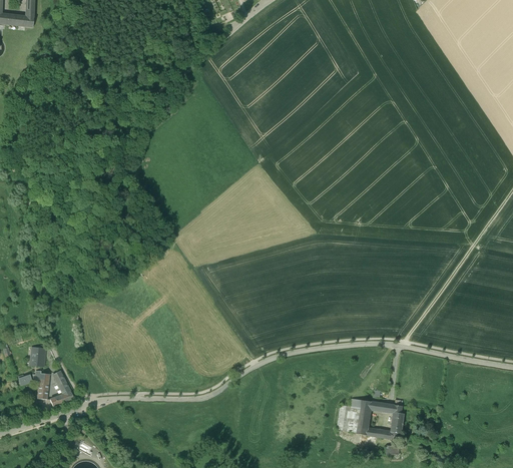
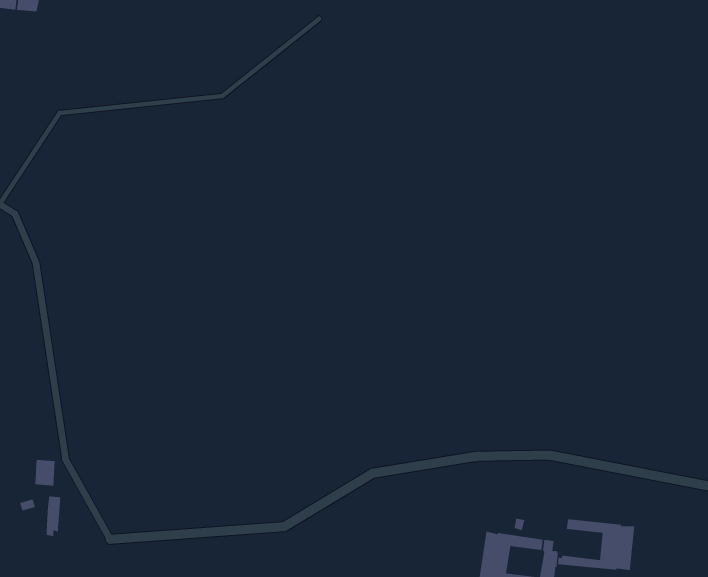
building: [49,370,73,406] -> none
building: none -> [558,519,635,571]

